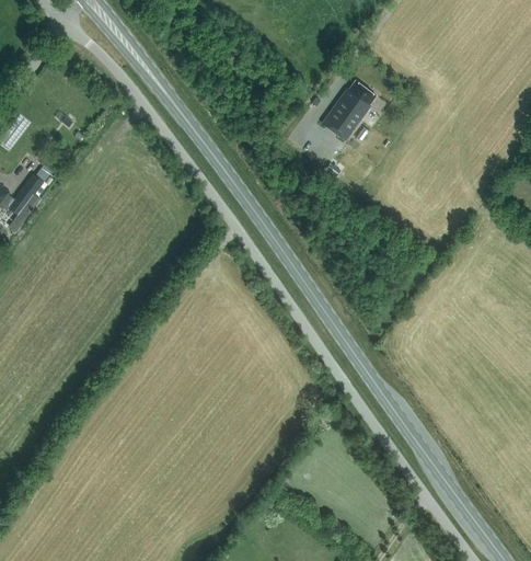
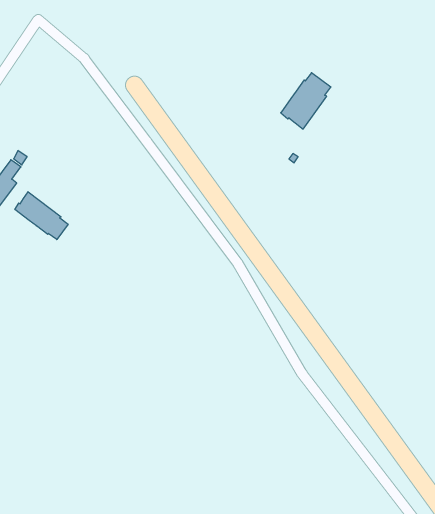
building: none -> [15,192,68,240]

